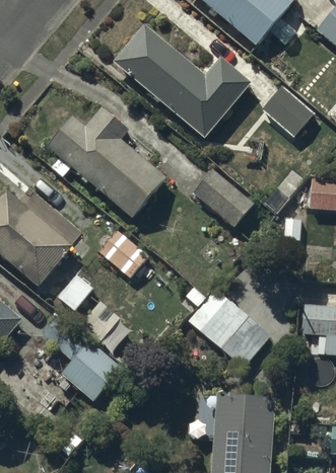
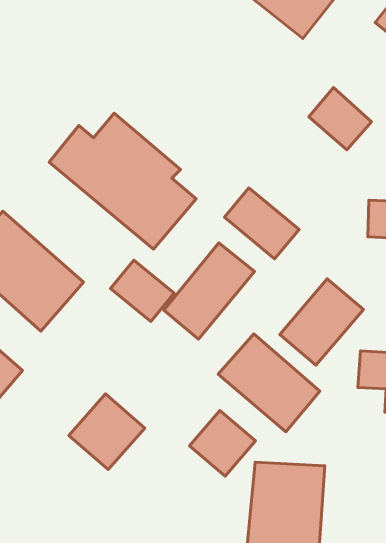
building: [113,23,252,138] -> none
building: none -> [164,243,255,339]
building: none -> [280,279,363,365]
building: none -> [190,410,256,476]

